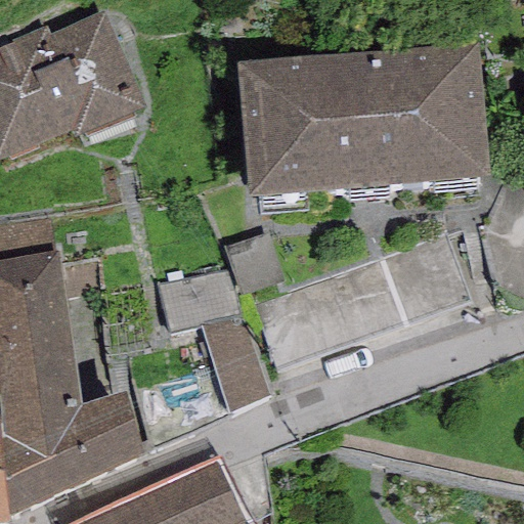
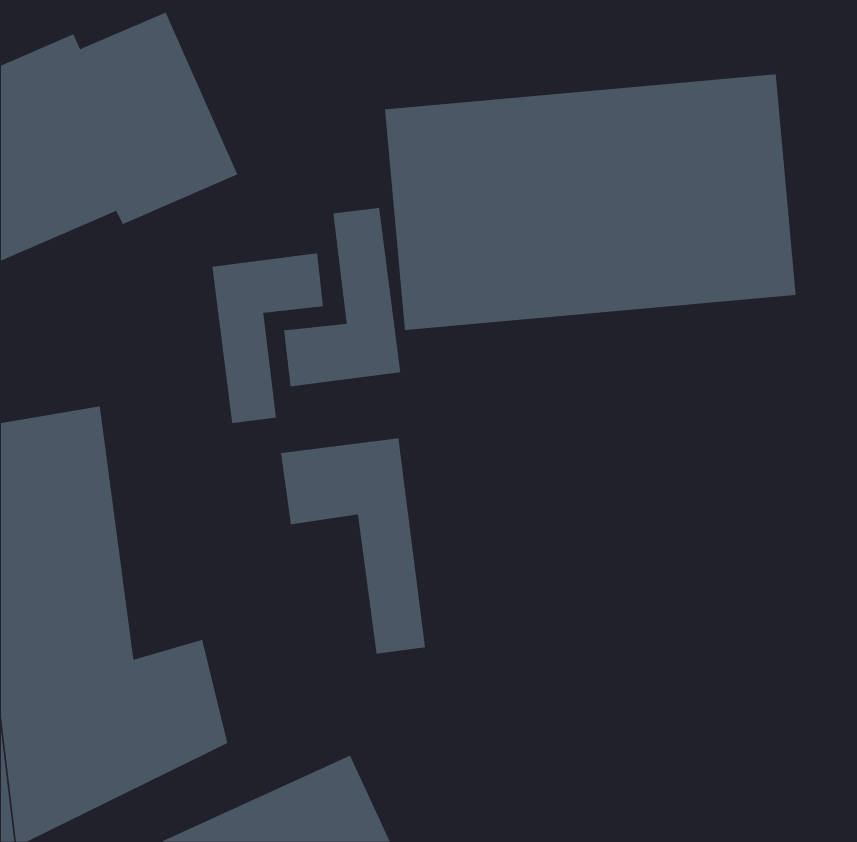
building: none -> [283,207,401,387]
building: none -> [212,253,324,424]

